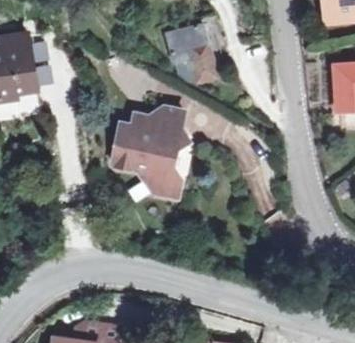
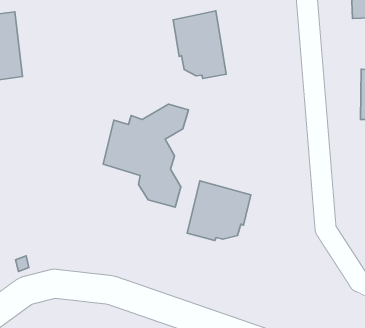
building: none -> [187,181,251,240]

